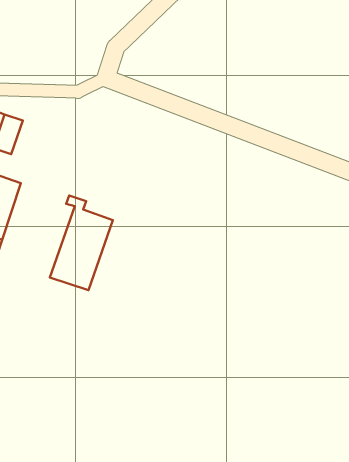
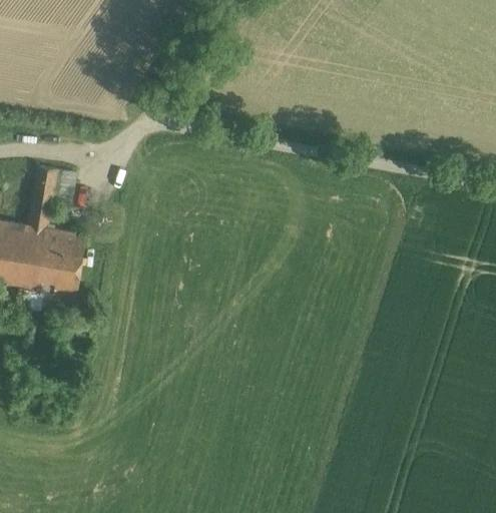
building: [50,195,113,290] -> none

